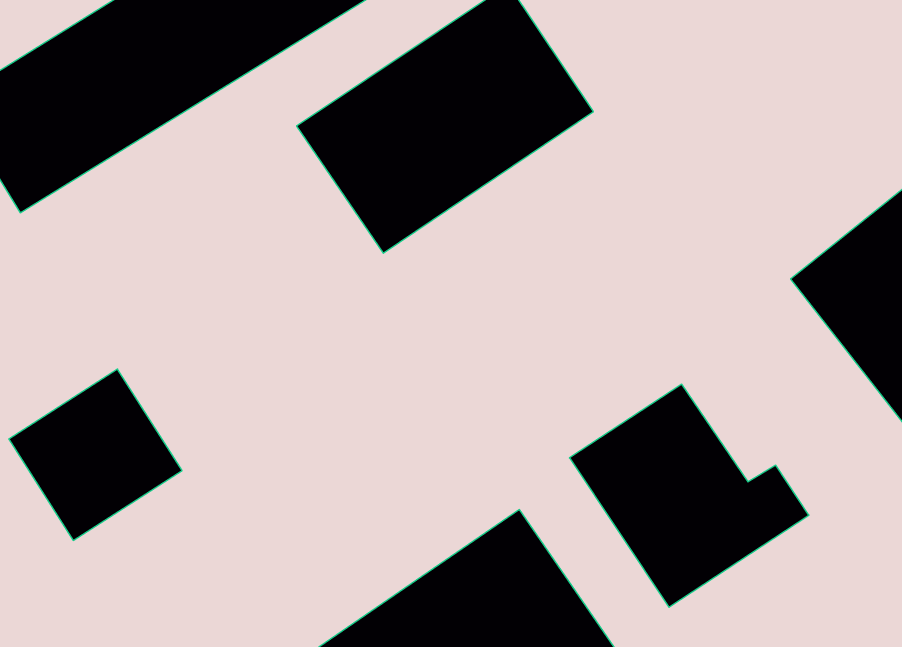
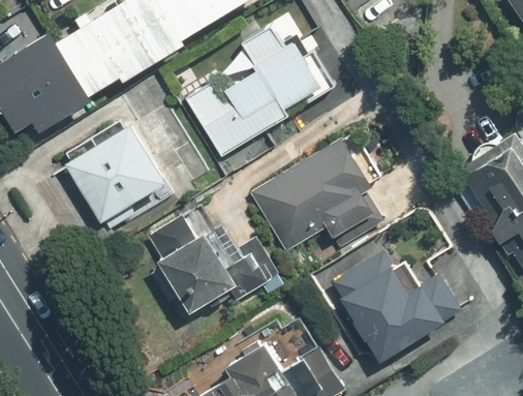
building: none -> [250,140,382,261]
building: none -> [150,213,283,326]
building: [9,369,182,540] -> [64,128,161,224]

